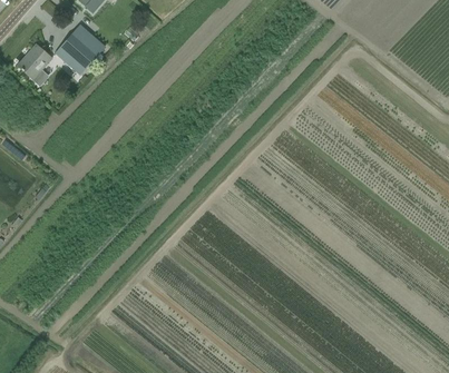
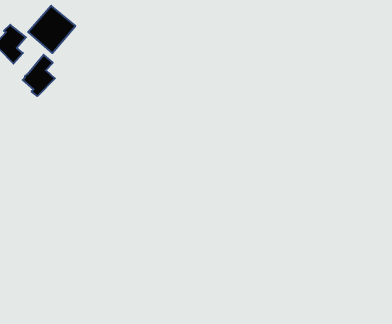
building: none -> [23,55,55,96]

